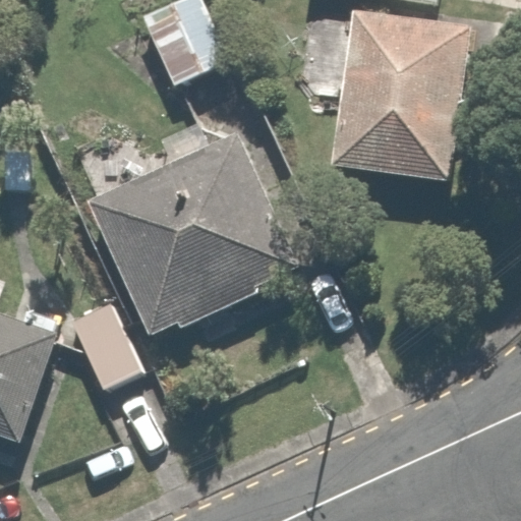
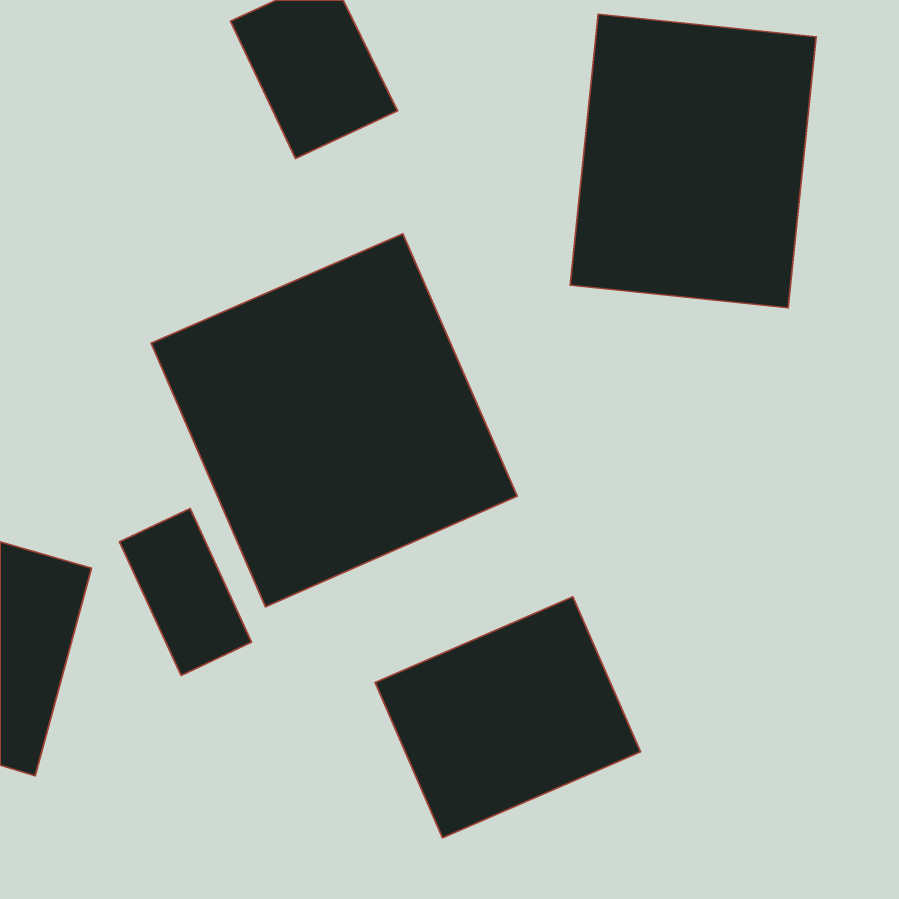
building: none -> [375,597,640,838]

